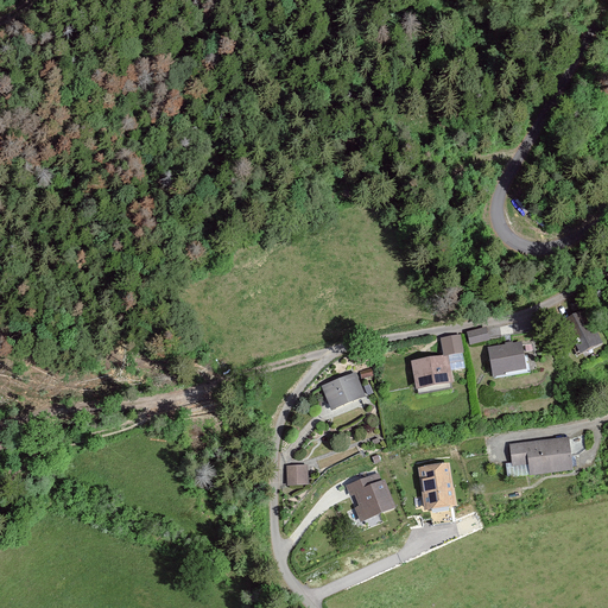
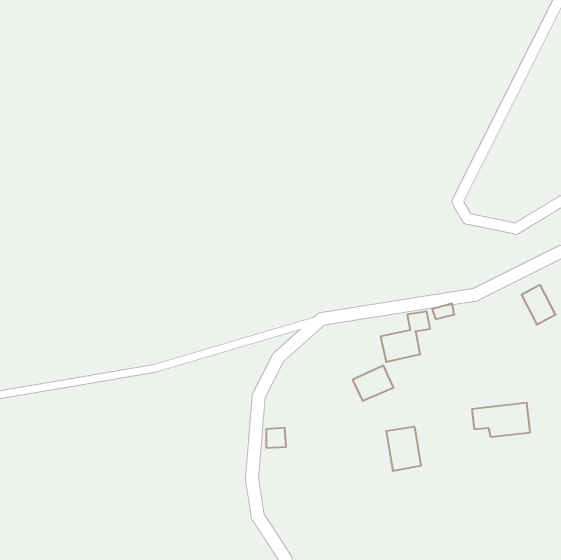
building: [488,341,528,378] -> none
building: [321,373,365,411] -> [353,366,393,401]
building: [346,471,397,519] -> none

